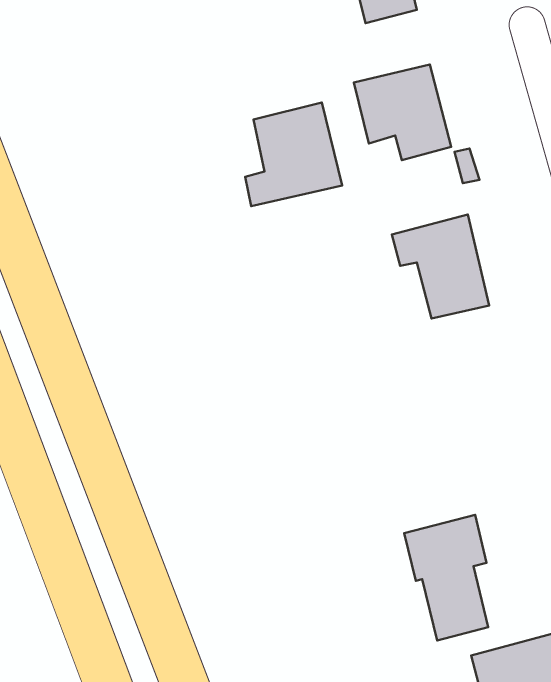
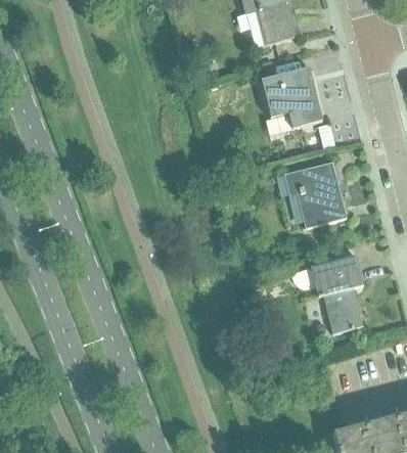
building: [245,102,342,206] -> none
building: [404,515,488,640] -> [310,255,362,332]

